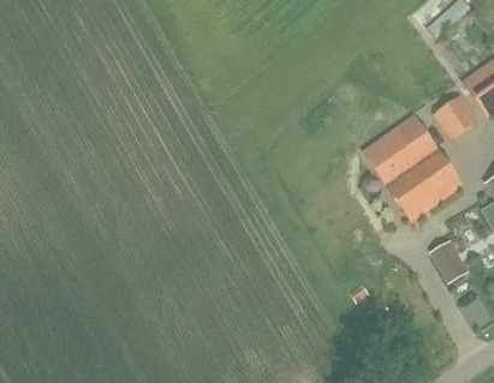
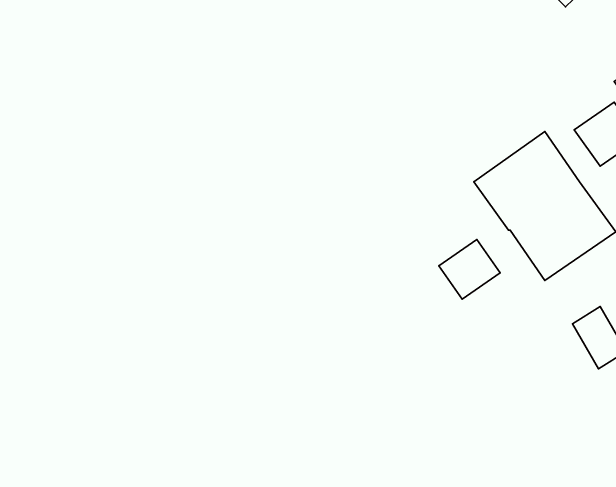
building: none -> [439,240,500,299]

